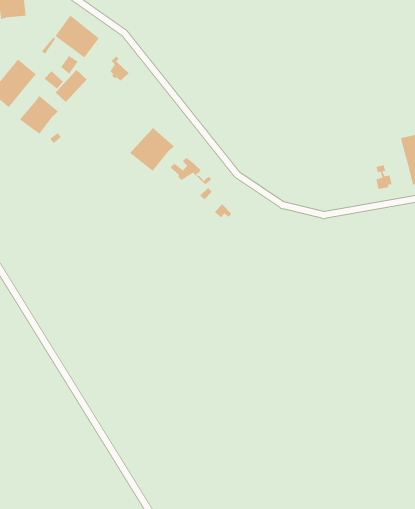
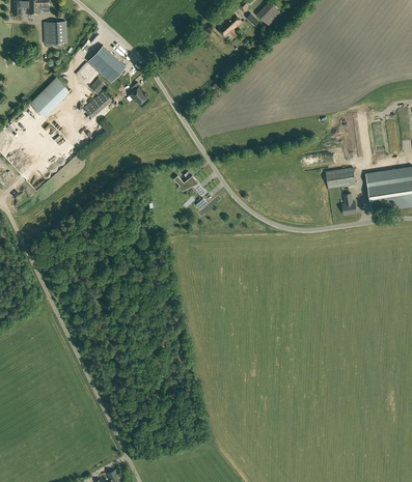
building: [19,95,59,135] -> none
building: [129,127,175,172] -> none
building: none -> [326,167,356,188]

